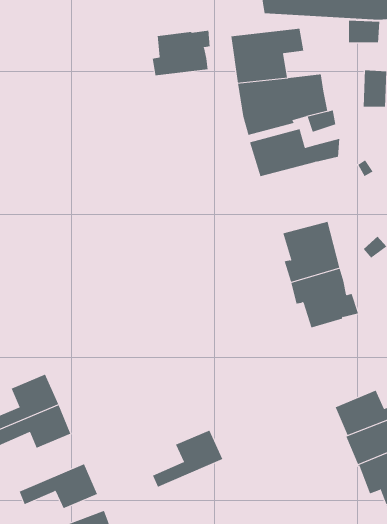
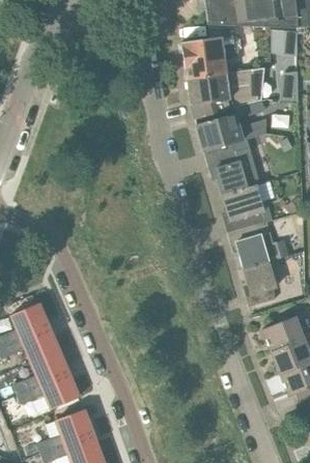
building: [152,30,210,76] -> none
building: none -> [205,139,261,194]
building: none -> [245,260,277,306]
building: [152,430,223,487] -> [15,349,69,394]

